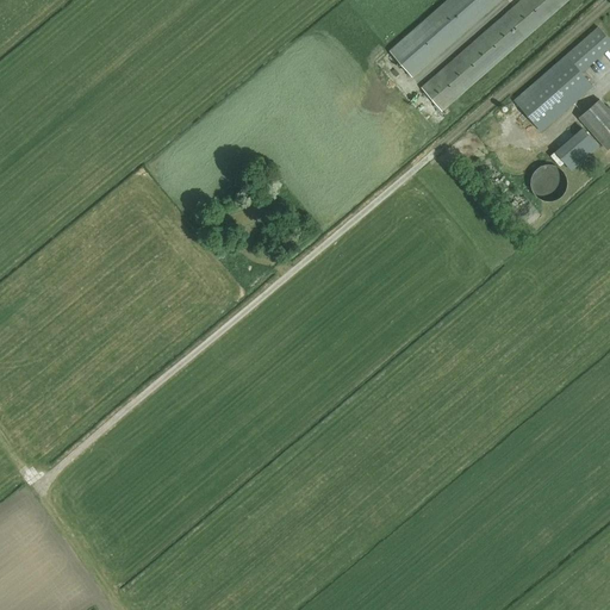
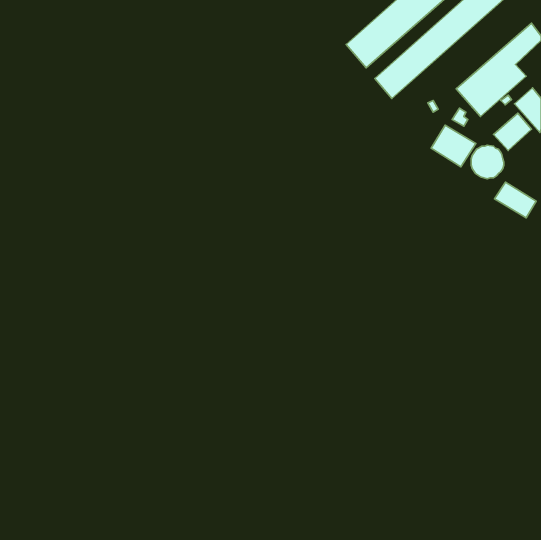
building: none -> [431,125,476,167]
building: none -> [494,182,536,218]

